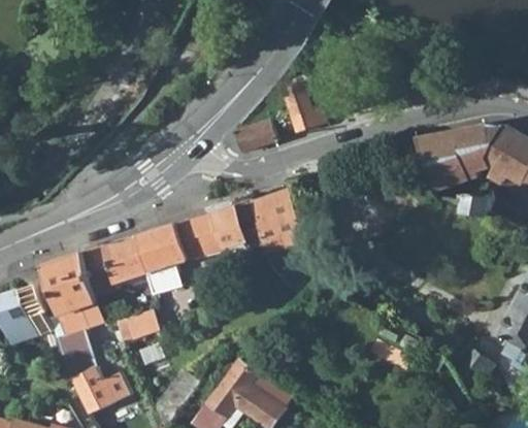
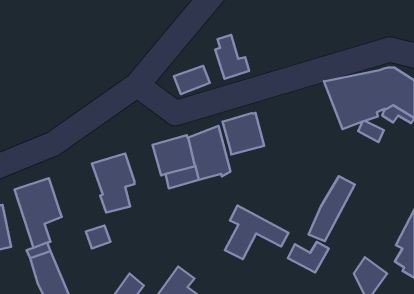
building: none -> [222,113,264,154]
building: [175,212,219,257] -> none
building: [84,235,148,294] -> none
building: none -> [309,176,355,241]
building: none -> [225,206,288,259]

